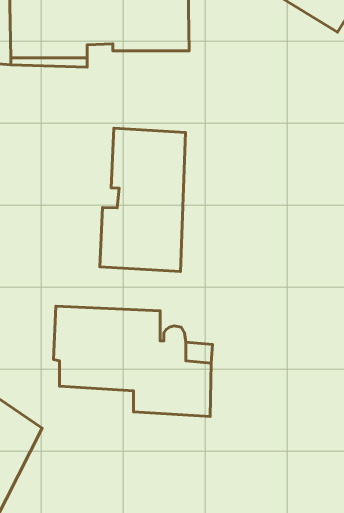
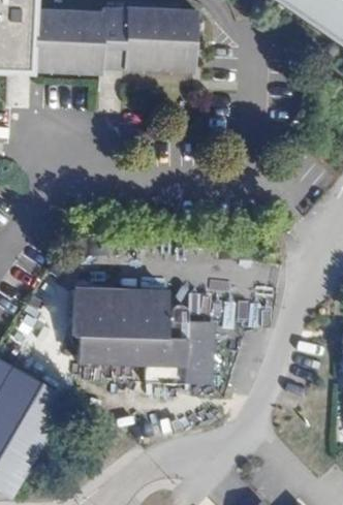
building: [100,128,185,271] -> none

